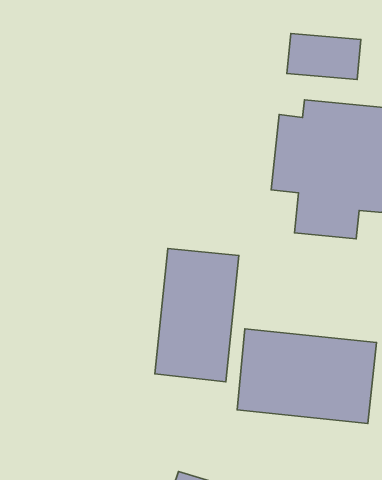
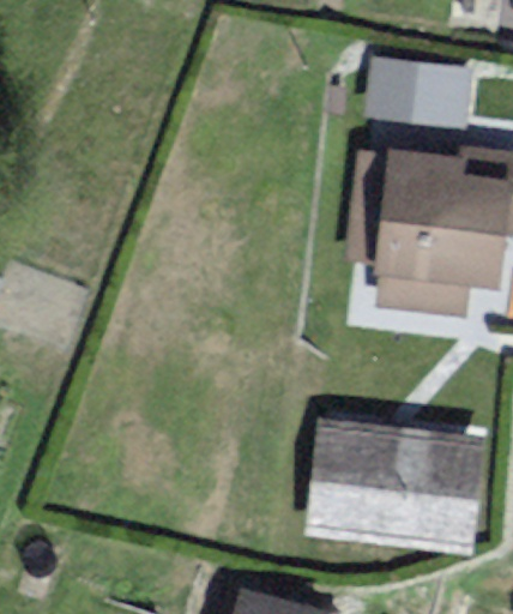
building: [155,248,239,382] -> none

